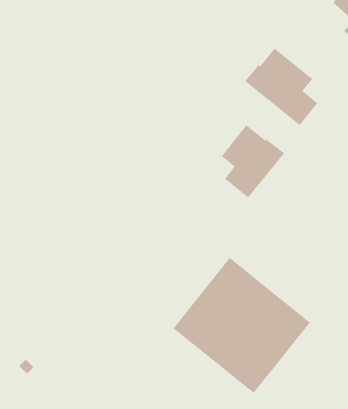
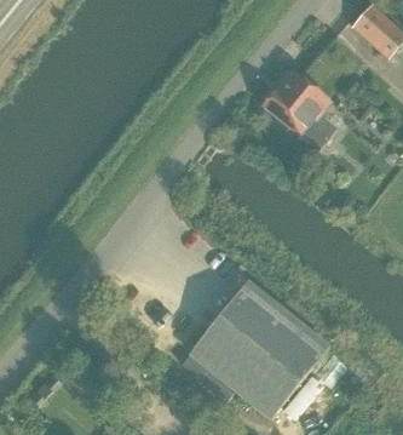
building: [221,124,285,198] -> none

